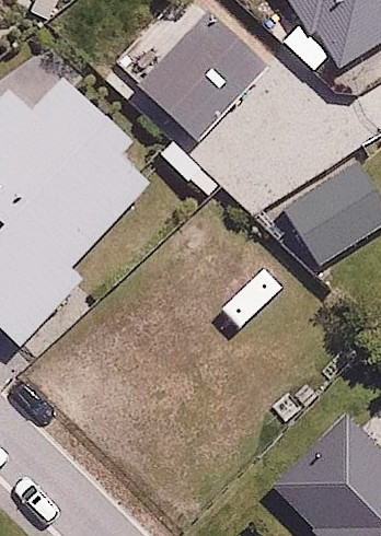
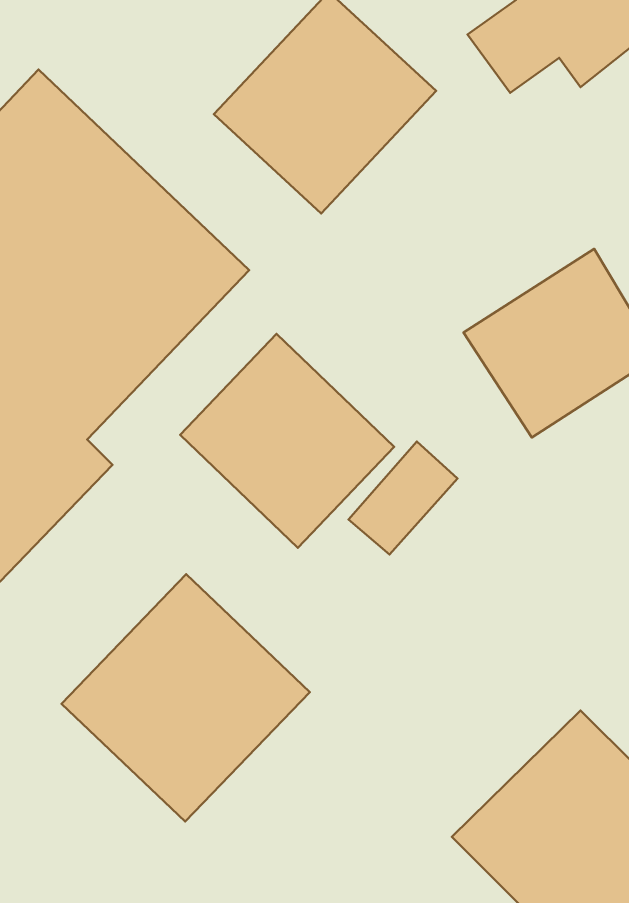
building: none -> [180,334,394,548]
building: none -> [61,574,310,822]

